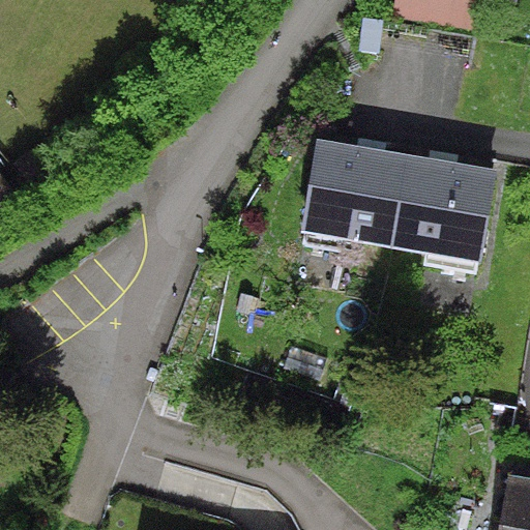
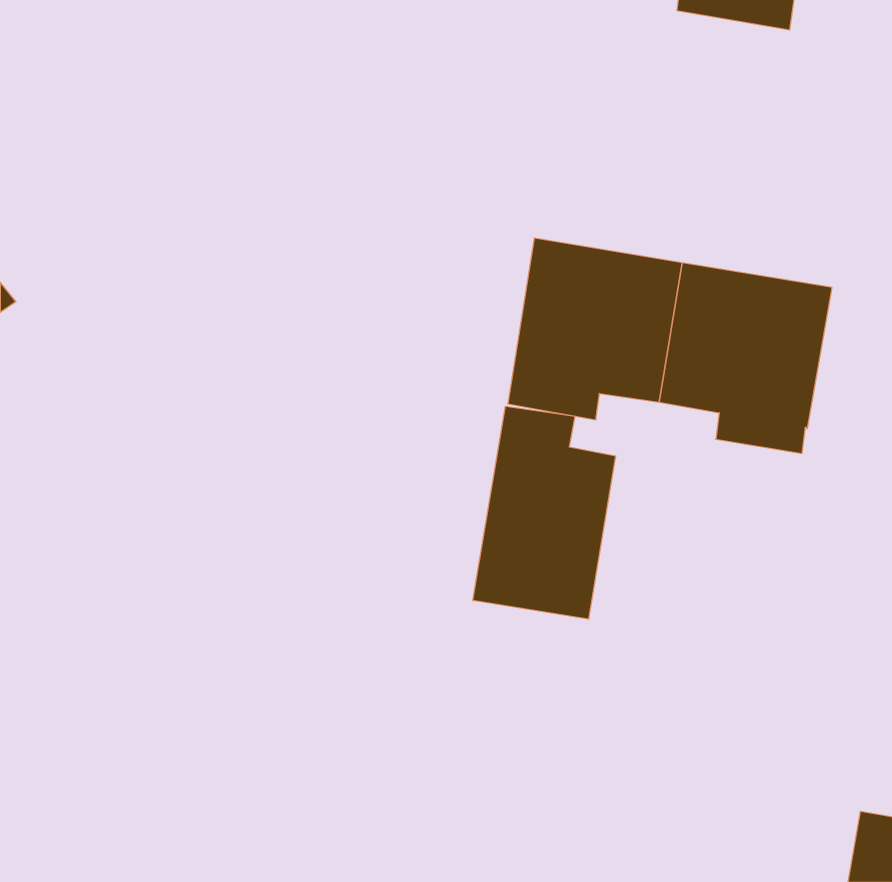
building: none -> [473,406,616,619]

